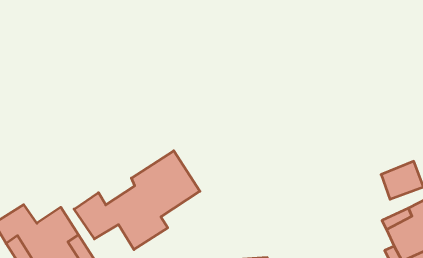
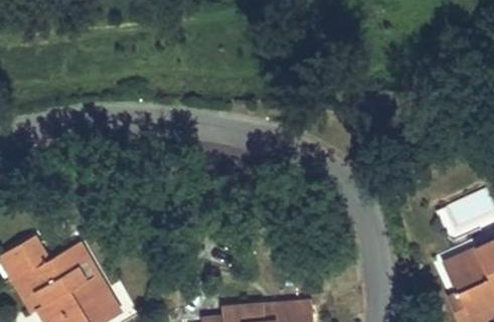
building: [74,151,200,250] -> none

